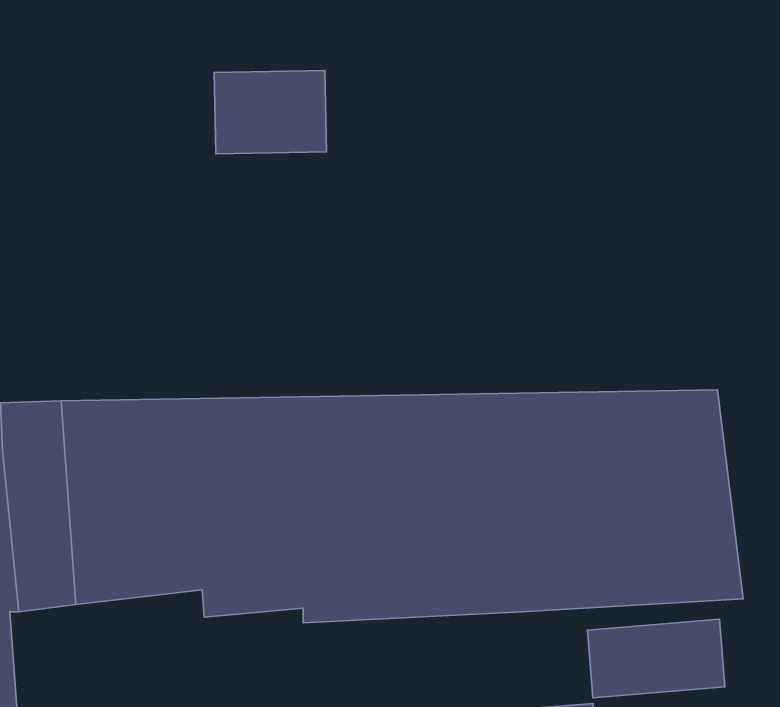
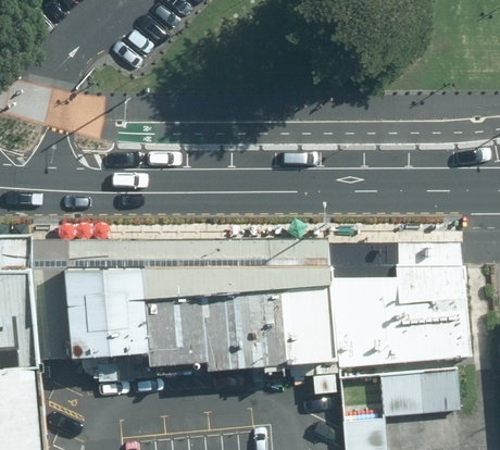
building: [214,71,326,154] -> none

